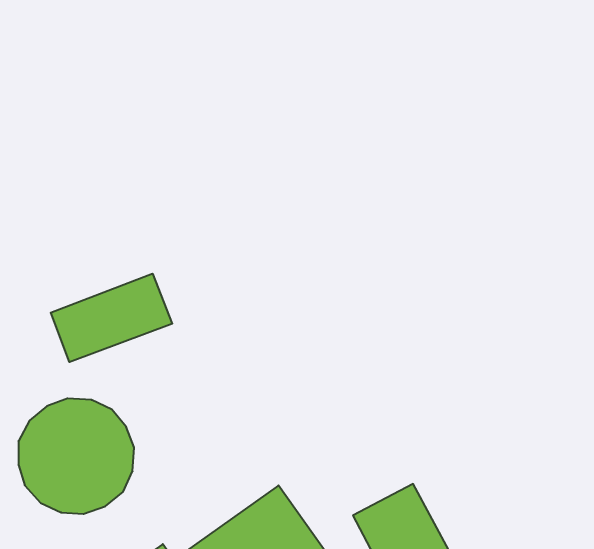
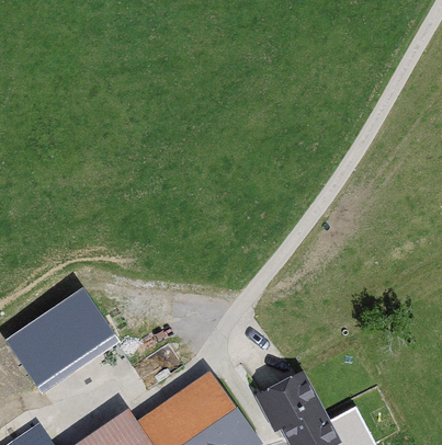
building: [51,274,172,362] -> none

